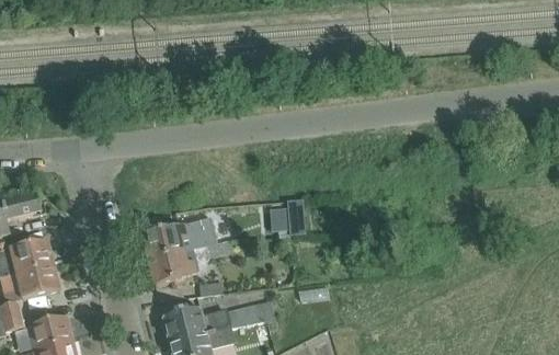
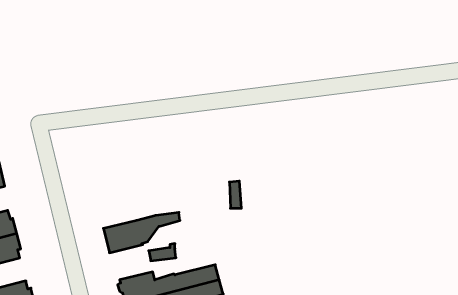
building: [140,216,215,259] -> none

